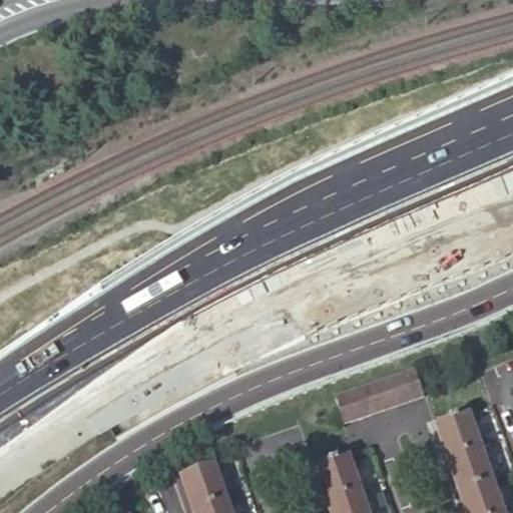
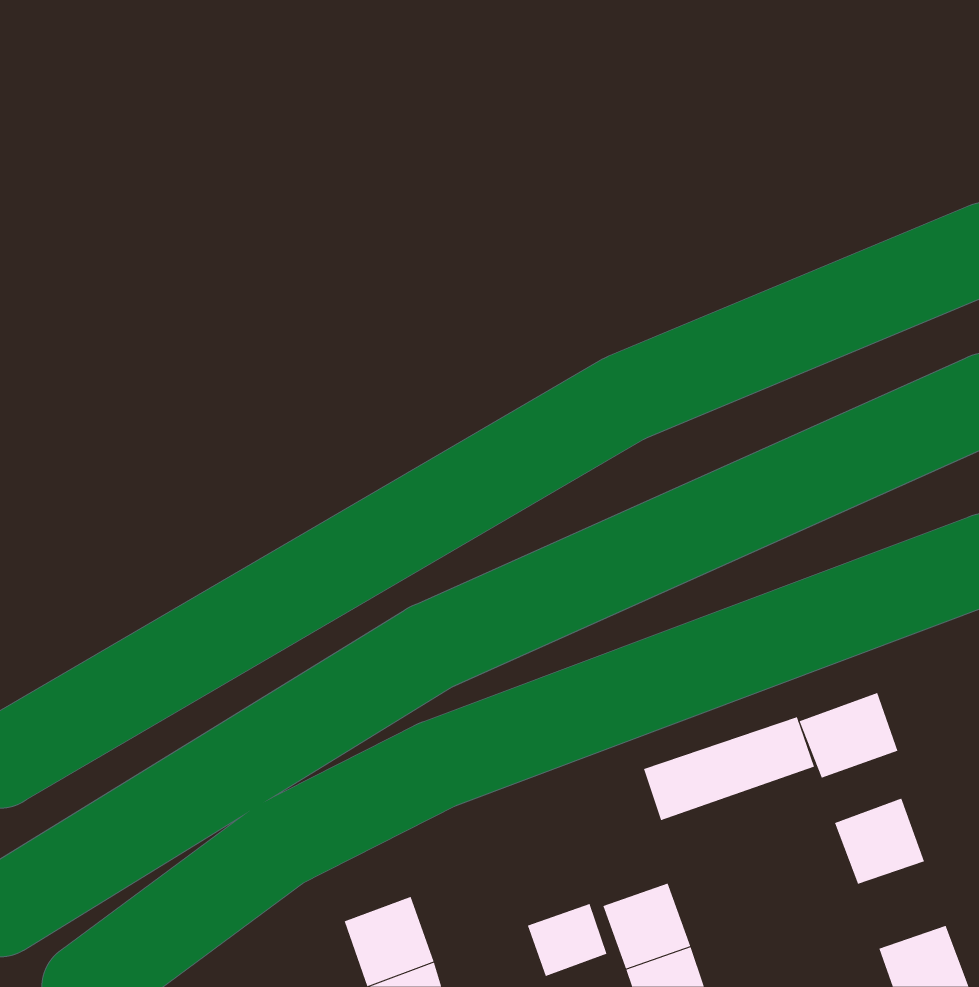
building: none -> [799,692,898,778]
building: [449,447,495,492] -> none
building: none -> [527,903,607,977]

